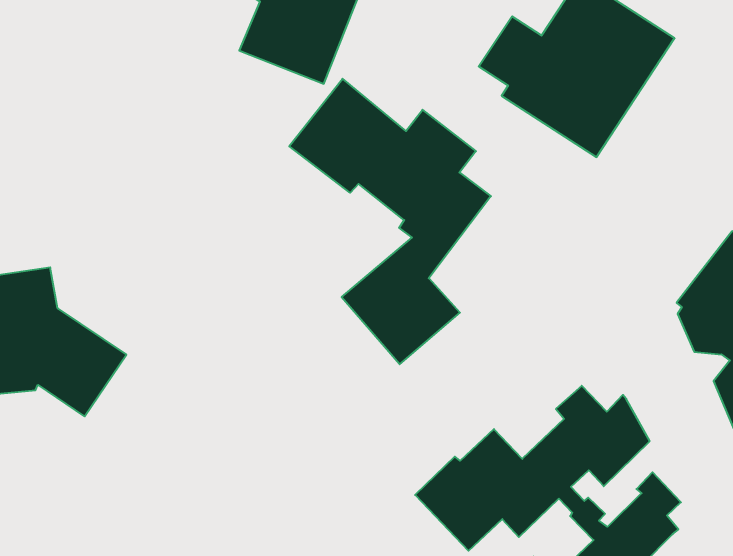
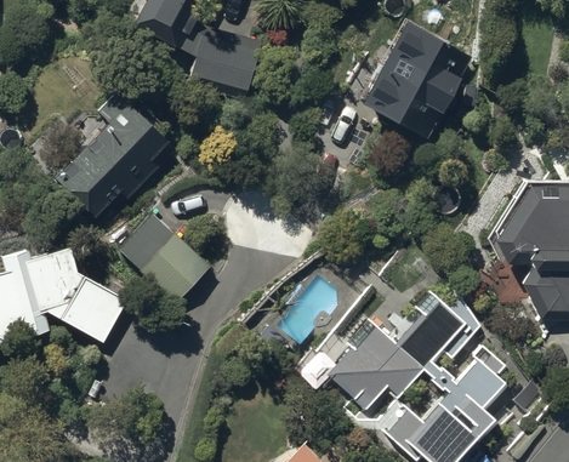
building: none -> [49,89,171,217]
building: [289,79,491,364] -> none
building: none -> [137,233,210,304]

